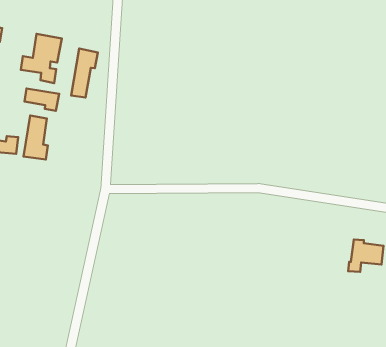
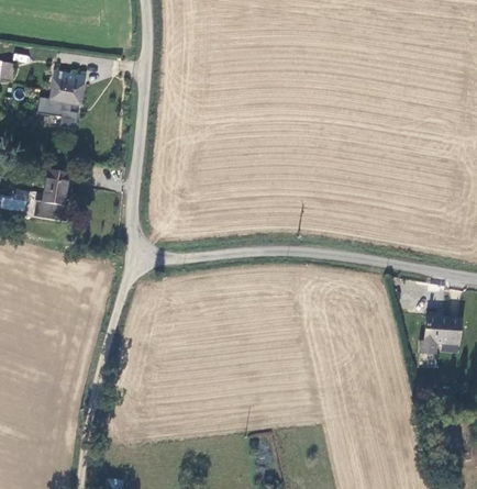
building: [71,48,98,98] -> none
building: [25,89,59,111] -> none

